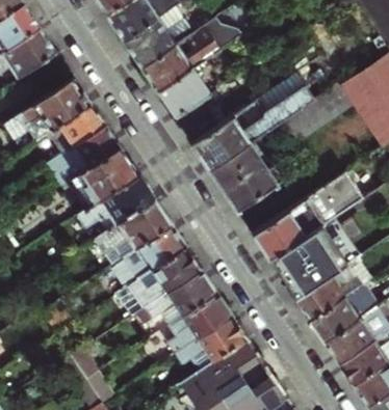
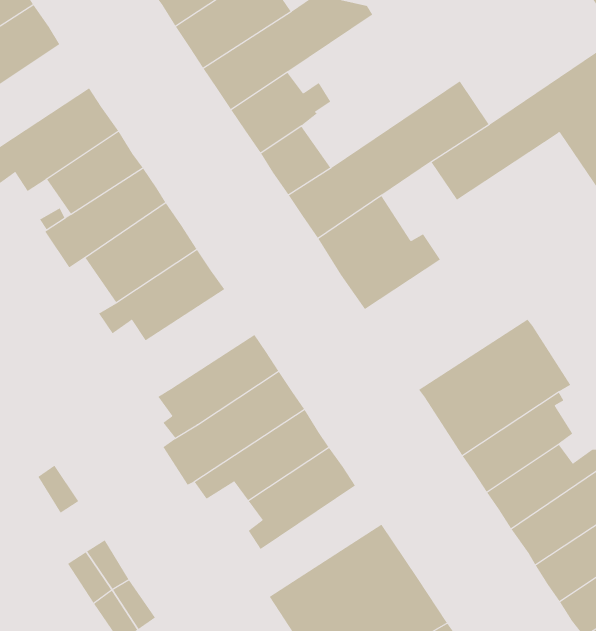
building: [254,172,363,259] -> none
building: [95,199,173,265] -> none
building: [176,317,249,372] -> none

